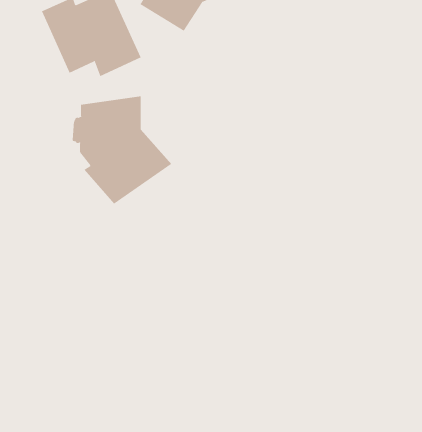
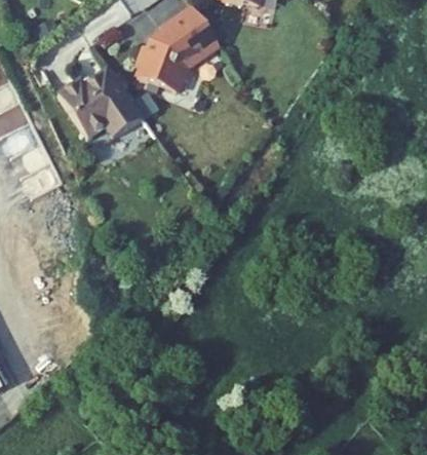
building: [72,95,172,204] -> none

